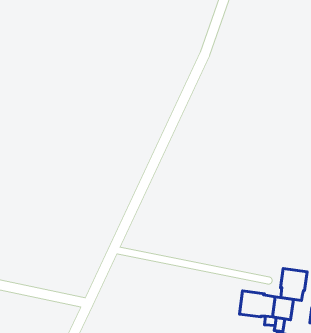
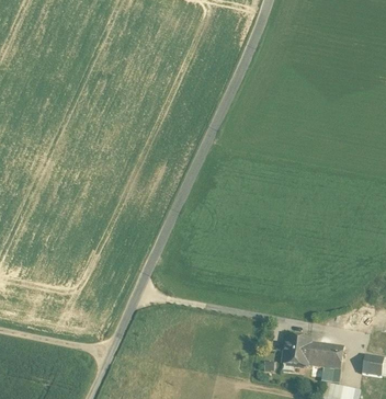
building: [281,268,307,300] -> none

